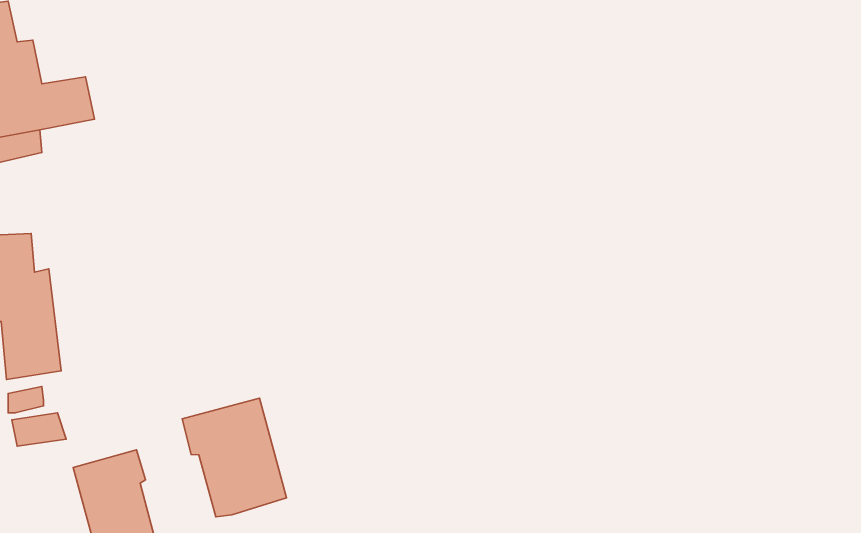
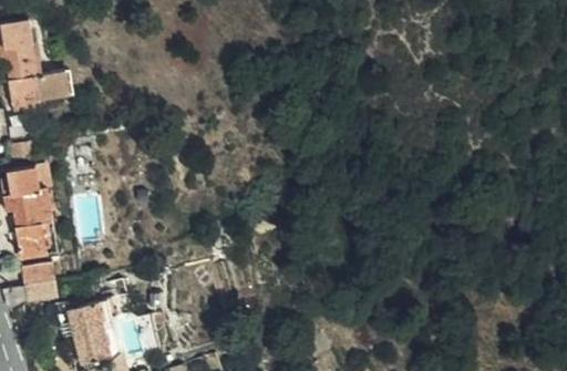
building: [182,398,286,517] -> none

